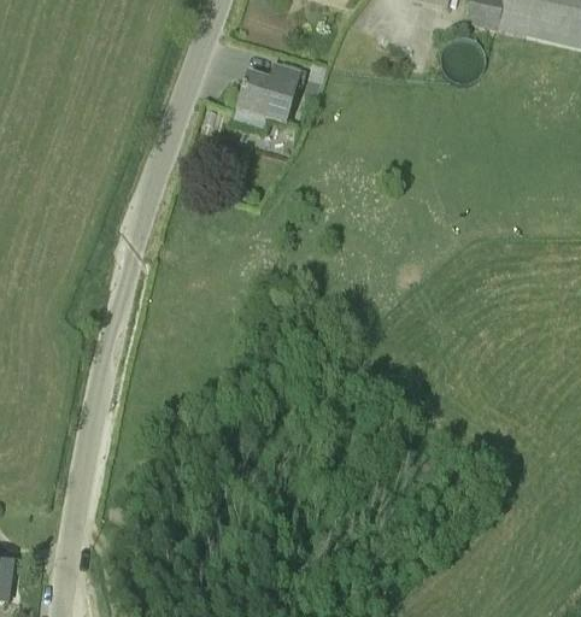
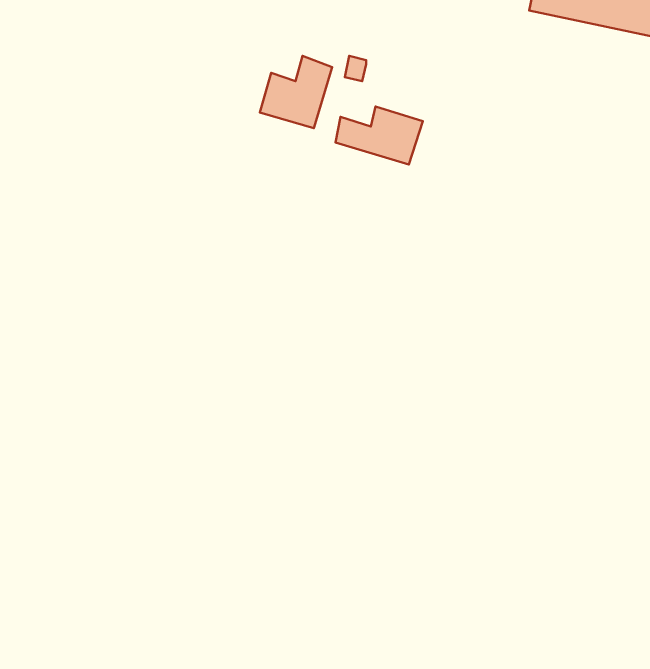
building: none -> [336,106,423,165]

